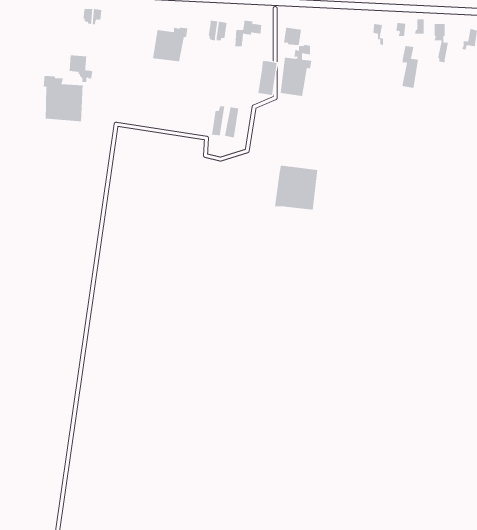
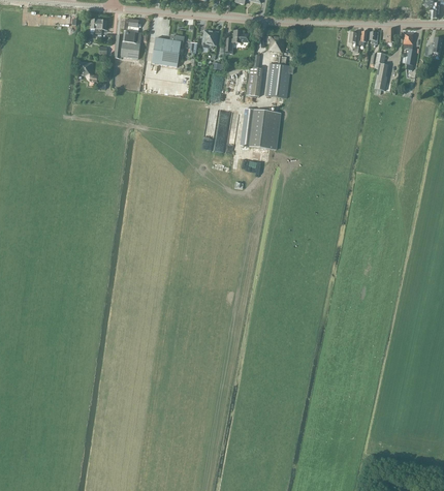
building: none -> [114,18,141,58]
building: [43,75,83,122] -> none
building: [274,165,318,210] -> [241,108,280,148]

